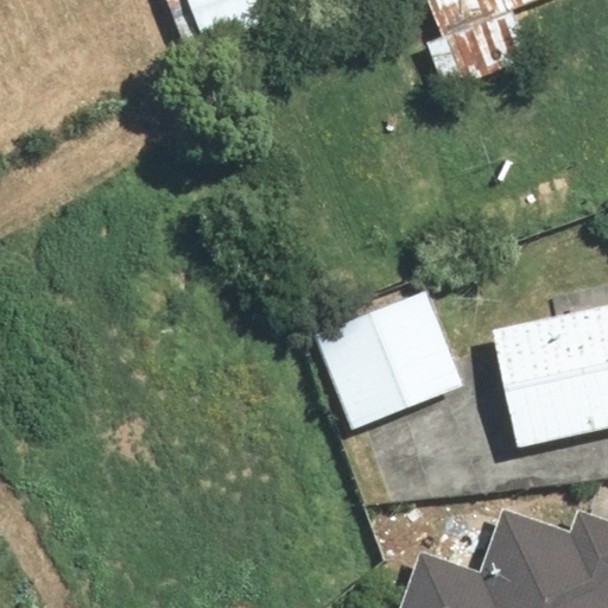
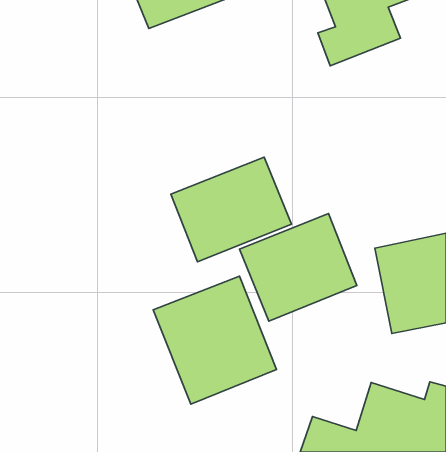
building: none -> [171,157,291,262]
building: none -> [153,276,276,404]

